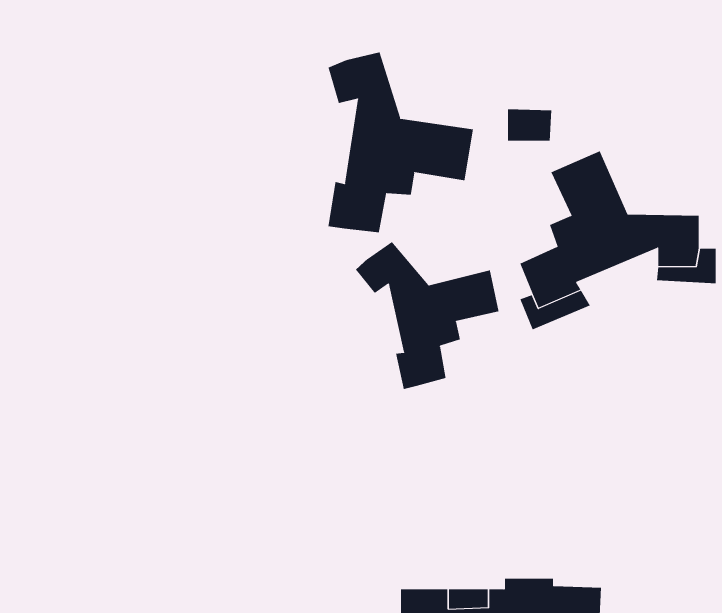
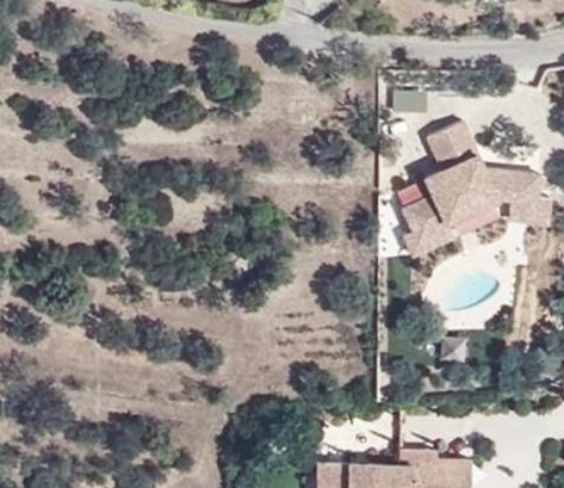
building: [328,51,474,233] -> none
building: [355,241,499,390] -> none

